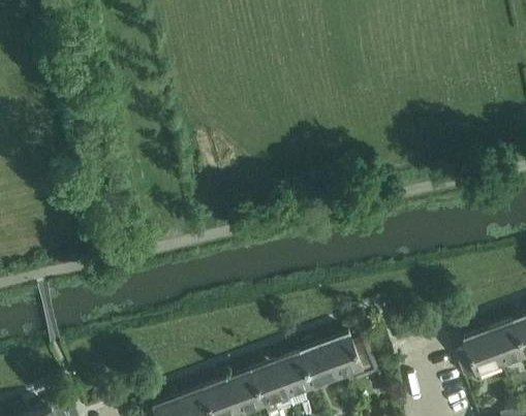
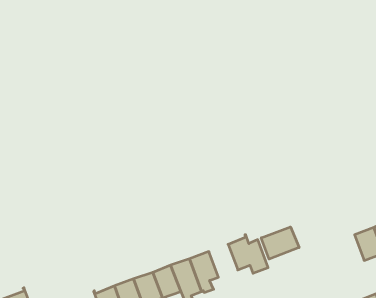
building: none -> [261,227,299,259]
building: [454,331,500,376] -> none
building: [300,344,337,386] -> none

